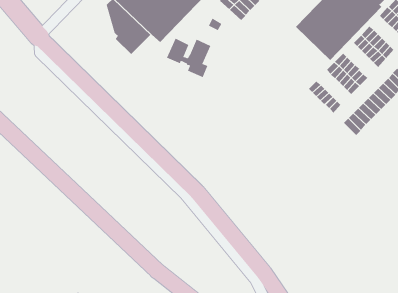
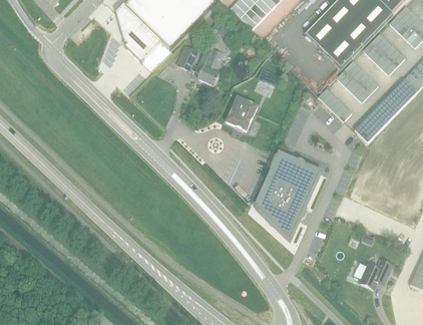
building: none -> [226,95,258,129]
building: none -> [256,153,321,240]
building: none -> [360,259,392,288]

